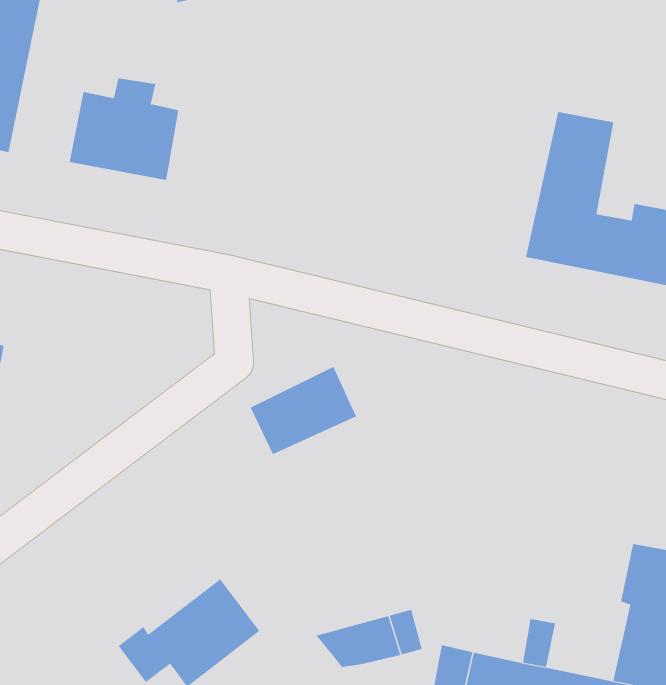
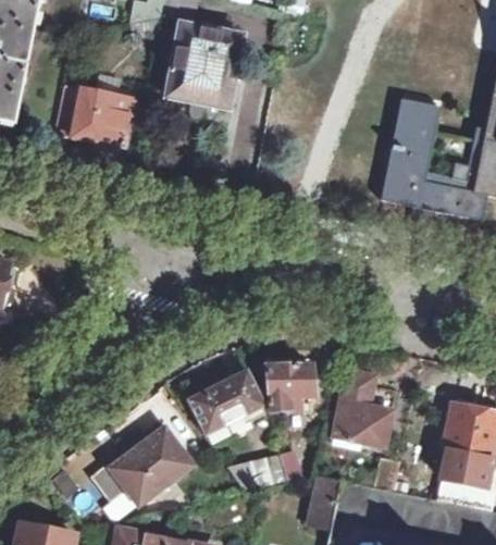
building: none -> [170,23,244,103]
building: [250,366,357,455] -> [188,371,264,434]
building: none -> [266,366,311,409]
building: none -> [335,367,396,446]

